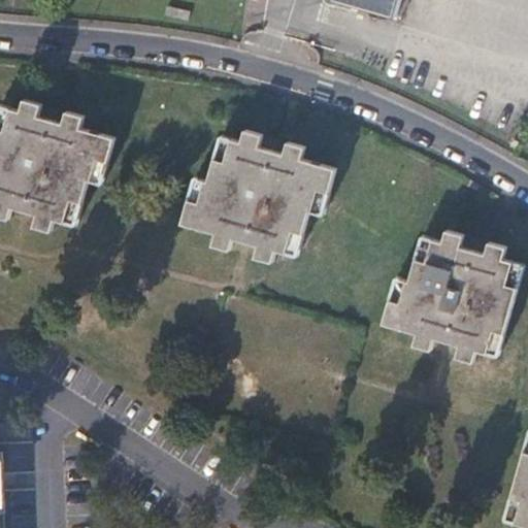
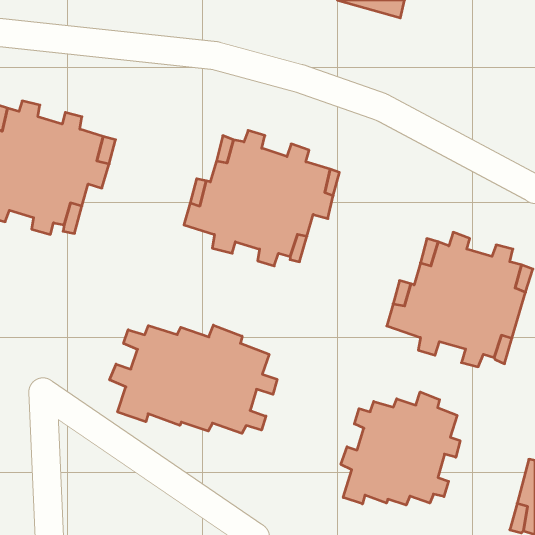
building: none -> [110,325,277,433]
building: none -> [341,392,460,505]

